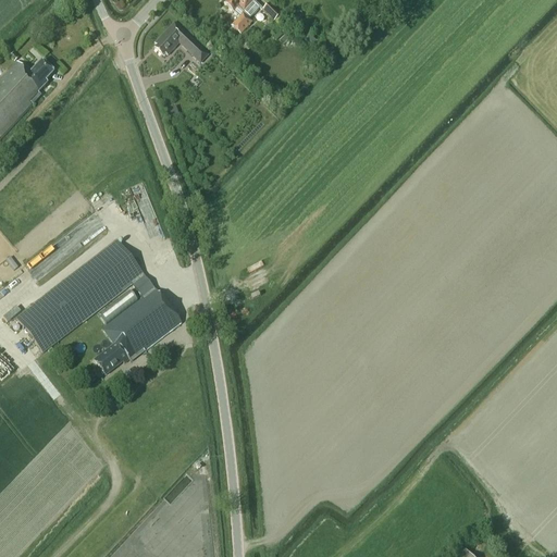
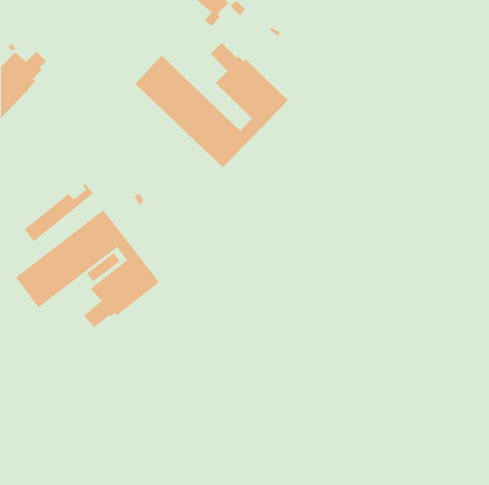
building: [153,20,200,53] -> none
building: none -> [135,42,288,168]

